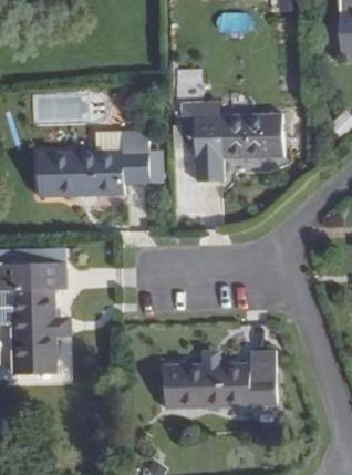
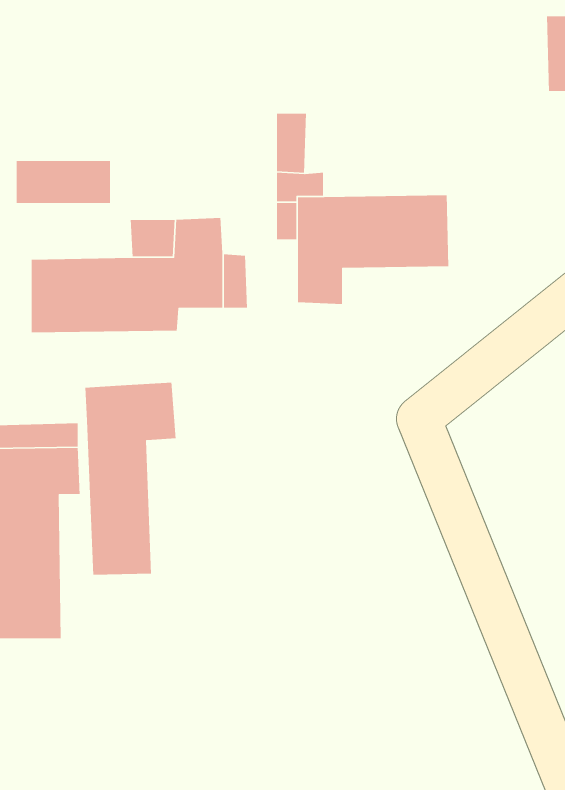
building: none -> [85,382,177,576]
building: [165,351,278,409] -> none

